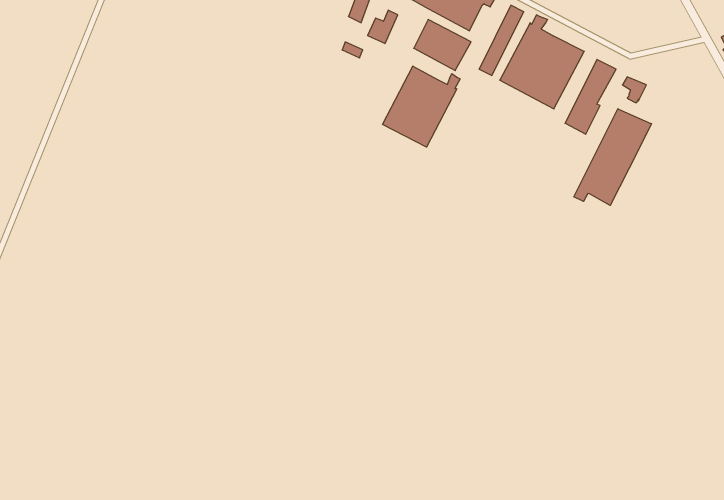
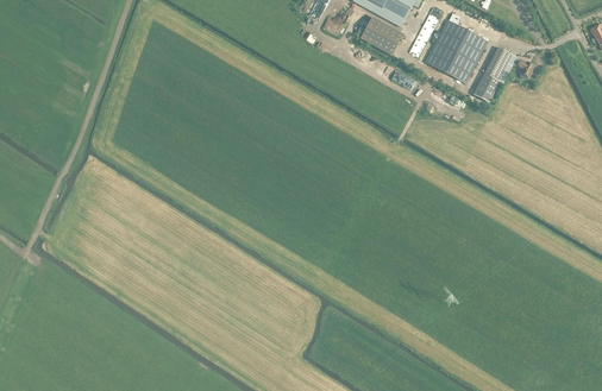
building: [383,66,460,147] -> none
building: [574,109,652,205] -> none

